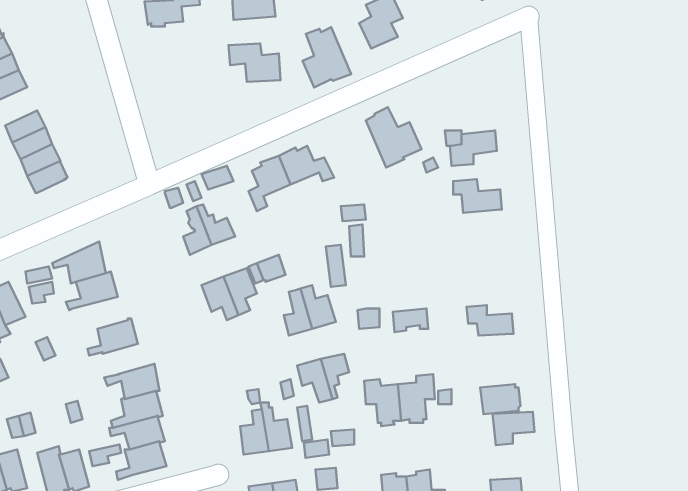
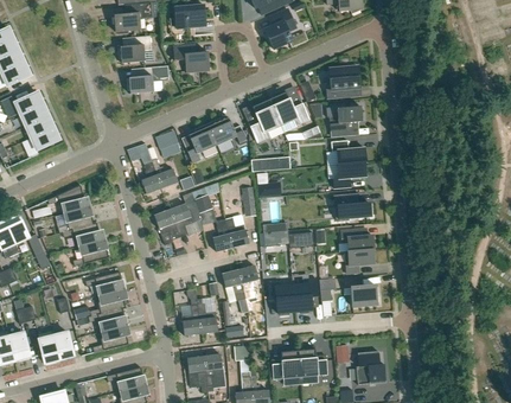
building: [303,27,351,88] -> [250,100,285,142]
building: none -> [119,36,152,63]
building: none -> [127,66,161,94]
building: none -> [327,66,360,98]
building: none -> [333,162,366,188]
building: none -> [336,194,372,219]
building: none -> [63,223,102,248]
building: [493,412,535,445] -> [345,250,375,274]

